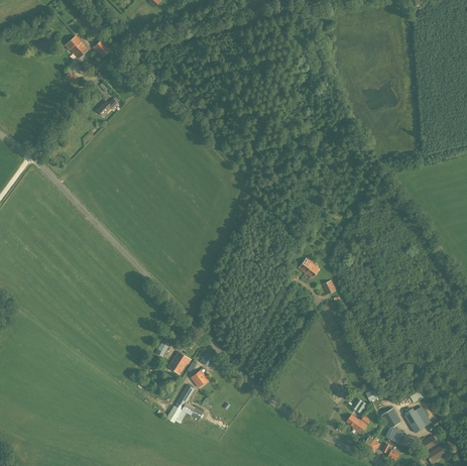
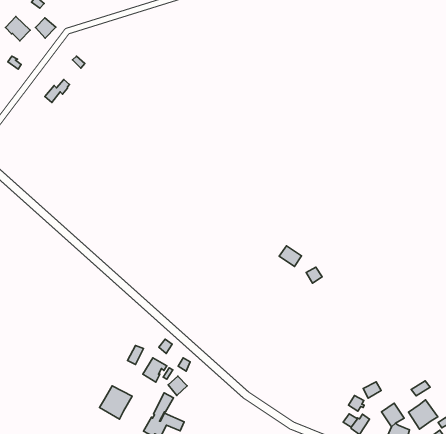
building: none -> [100,386,132,419]

